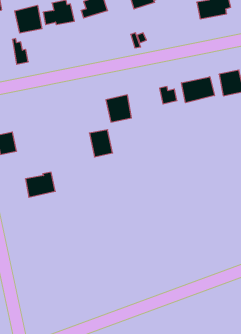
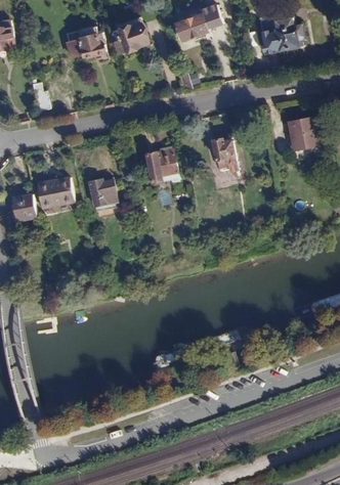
building: [15,5,42,33] -> none
building: [182,77,214,103] -> none
building: [89,130,113,157] -> [88,177,117,211]
building: [25,172,55,197] -> [37,177,74,208]

